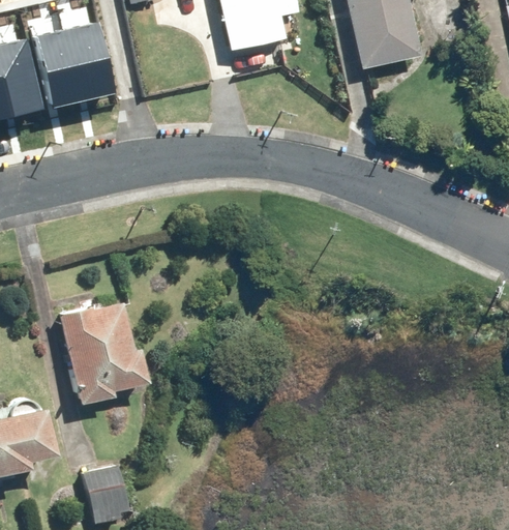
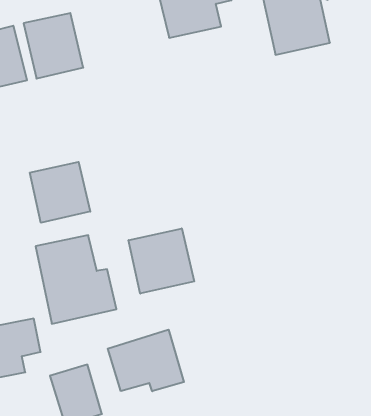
building: none -> [30,162,90,223]
building: none -> [129,228,194,294]
building: none -> [108,330,184,391]

